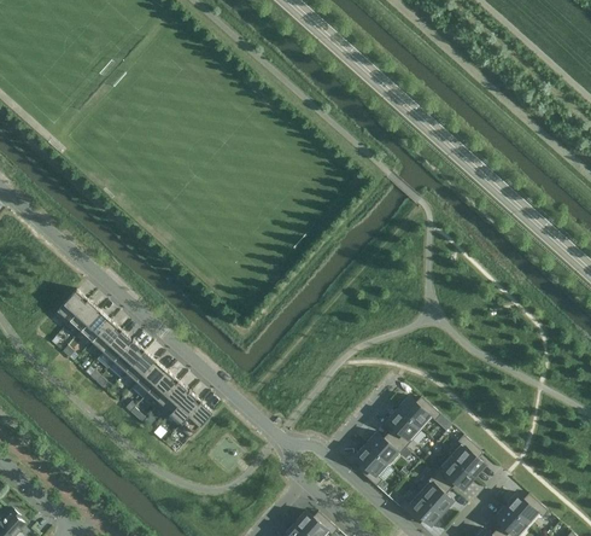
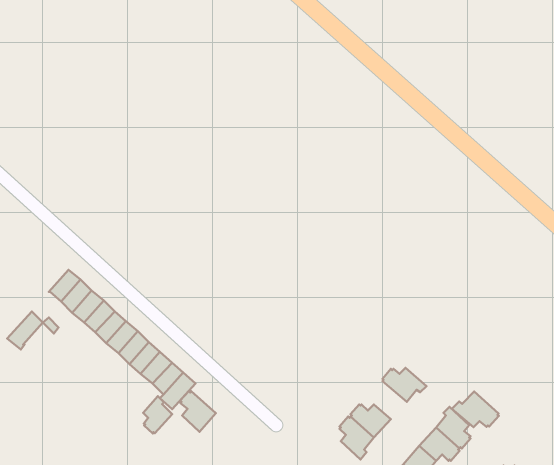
building: [51,290,86,327] -> [7,311,43,349]
building: [385,410,420,448] -> none
building: none -> [180,391,216,432]
building: none -> [452,392,499,427]
building: none -> [143,396,172,433]

